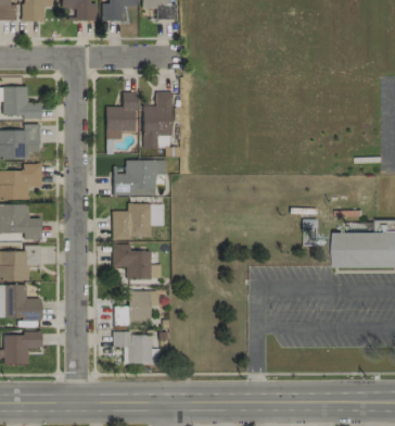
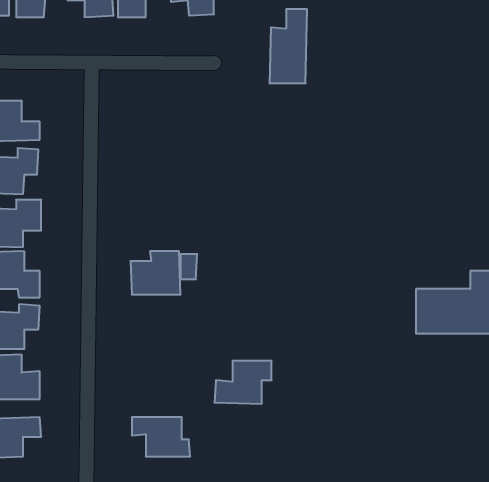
building: [142,90,171,148] -> [269,9,307,83]
building: [106,92,136,139] -> none
building: [113,160,166,196] -> none
building: [112,243,151,279] -> none
building: [114,290,158,324] -> [214,361,272,404]

